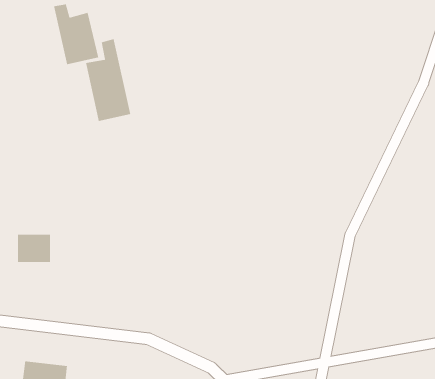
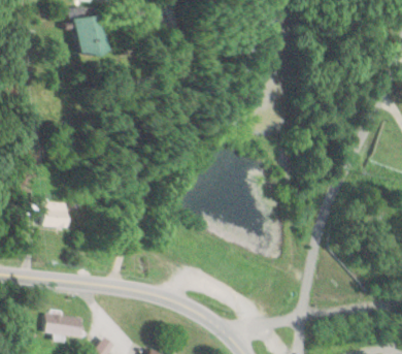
building: [85,38,131,122] -> none

